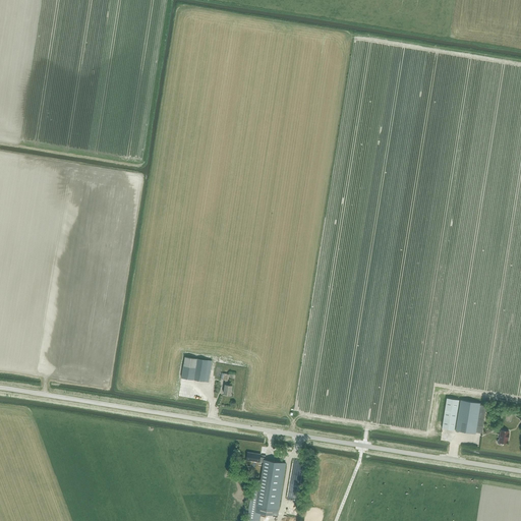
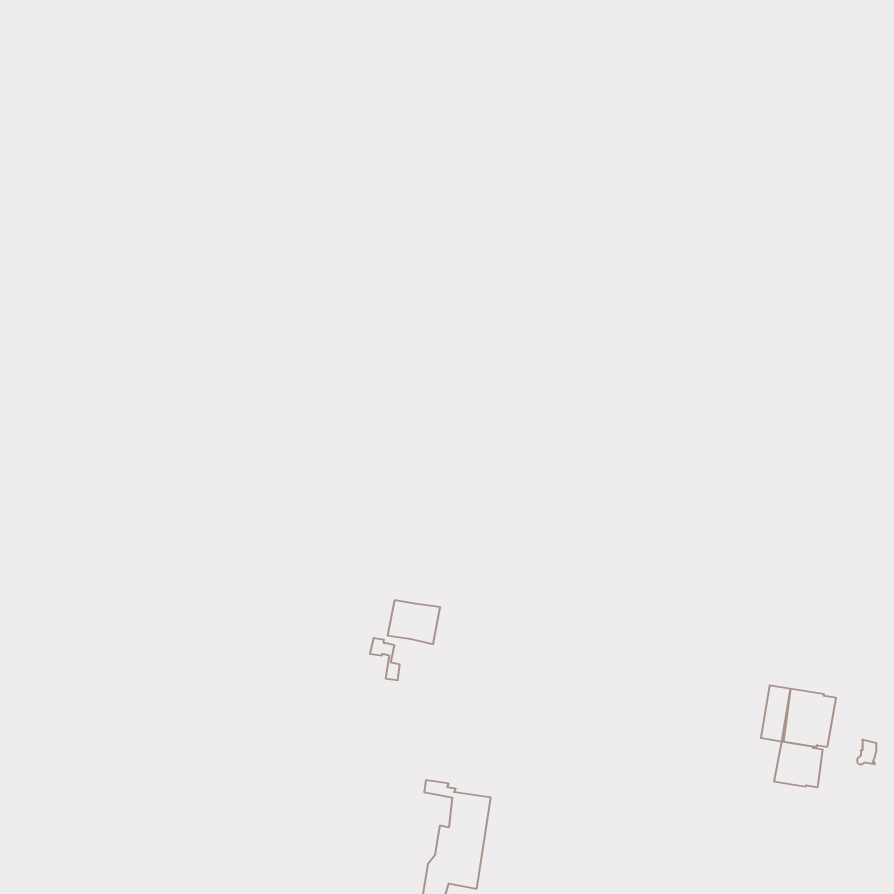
building: [182,358,213,384] -> [388,600,440,644]
building: none -> [774,741,822,787]

